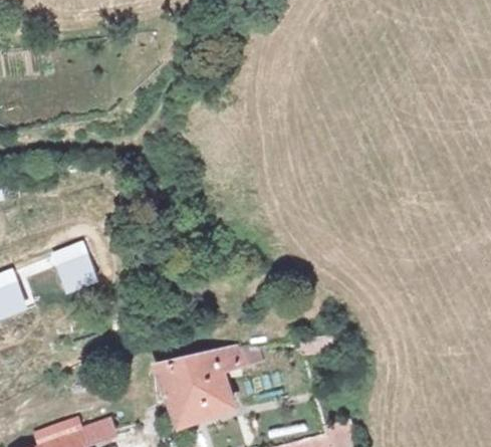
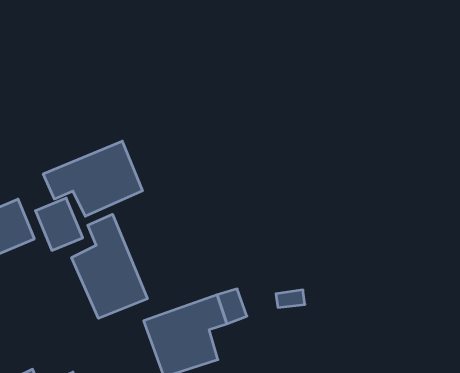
building: none -> [43,141,142,216]
building: none -> [72,214,147,318]

